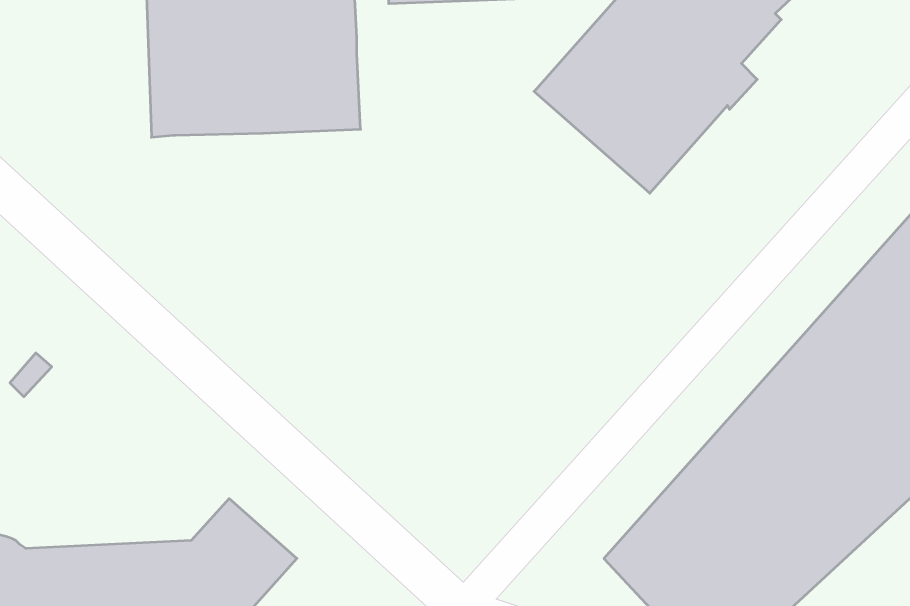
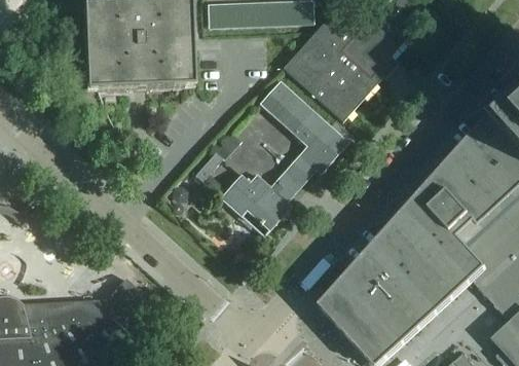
building: none -> [194,79,347,228]

